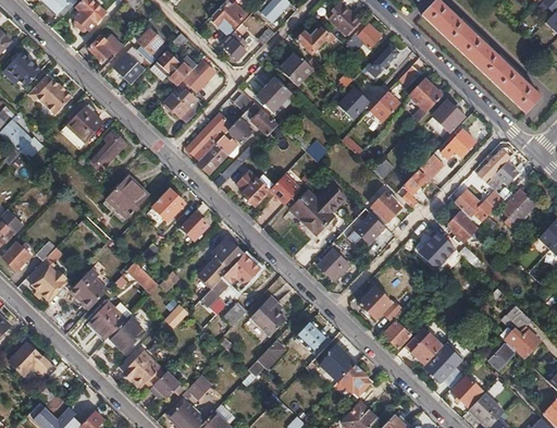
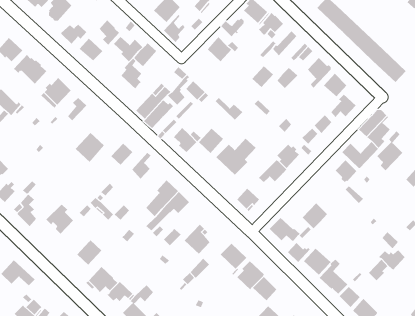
building: [258,76,290,110] -> none
building: [421,232,455,267] -> [302,202,328,229]
building: [88,302,126,338] -> none

